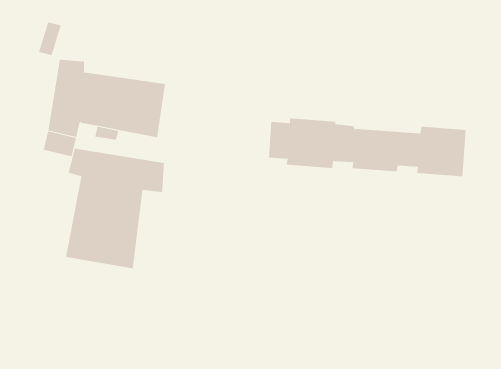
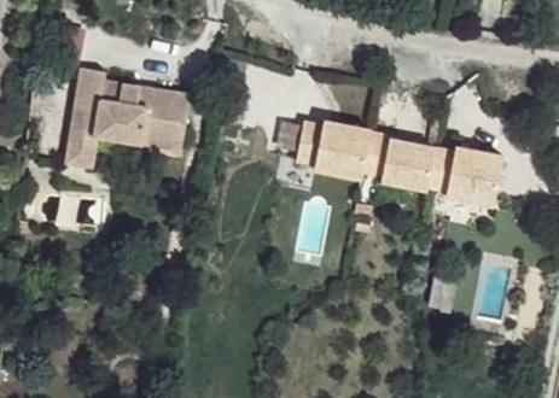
building: [66,148,165,269] -> none

